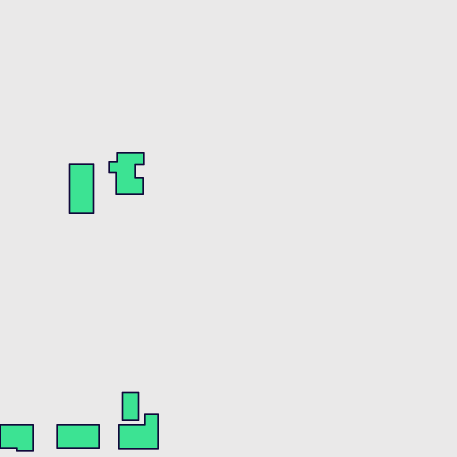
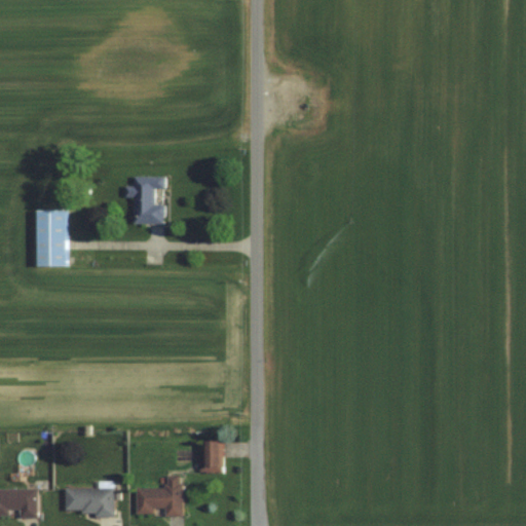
building: [69,164,94,213] -> [38,210,66,266]
building: [122,393,139,420] -> [203,441,222,473]

